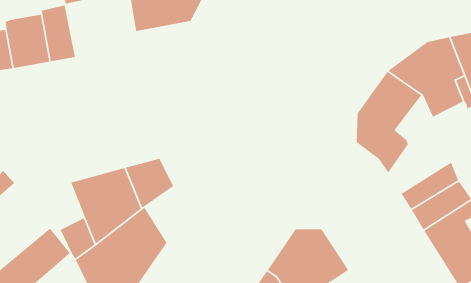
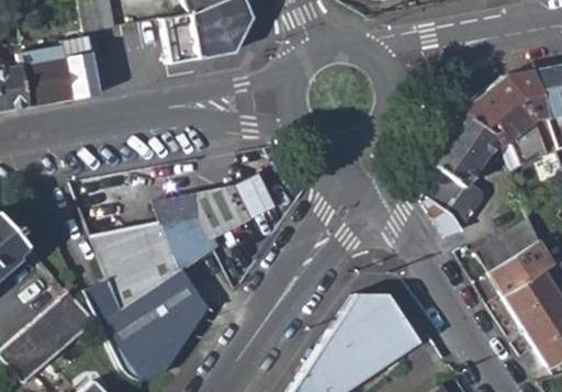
building: none -> [151,169,276,237]

